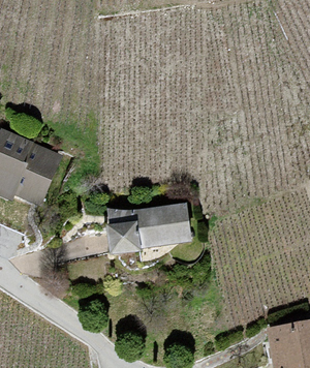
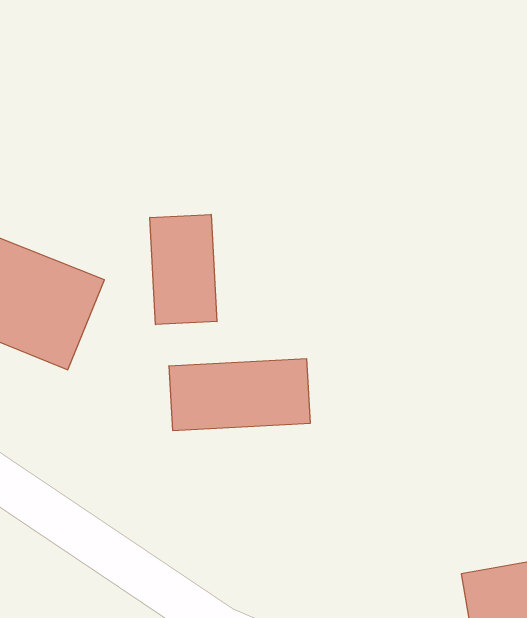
building: none -> [150,214,217,325]

